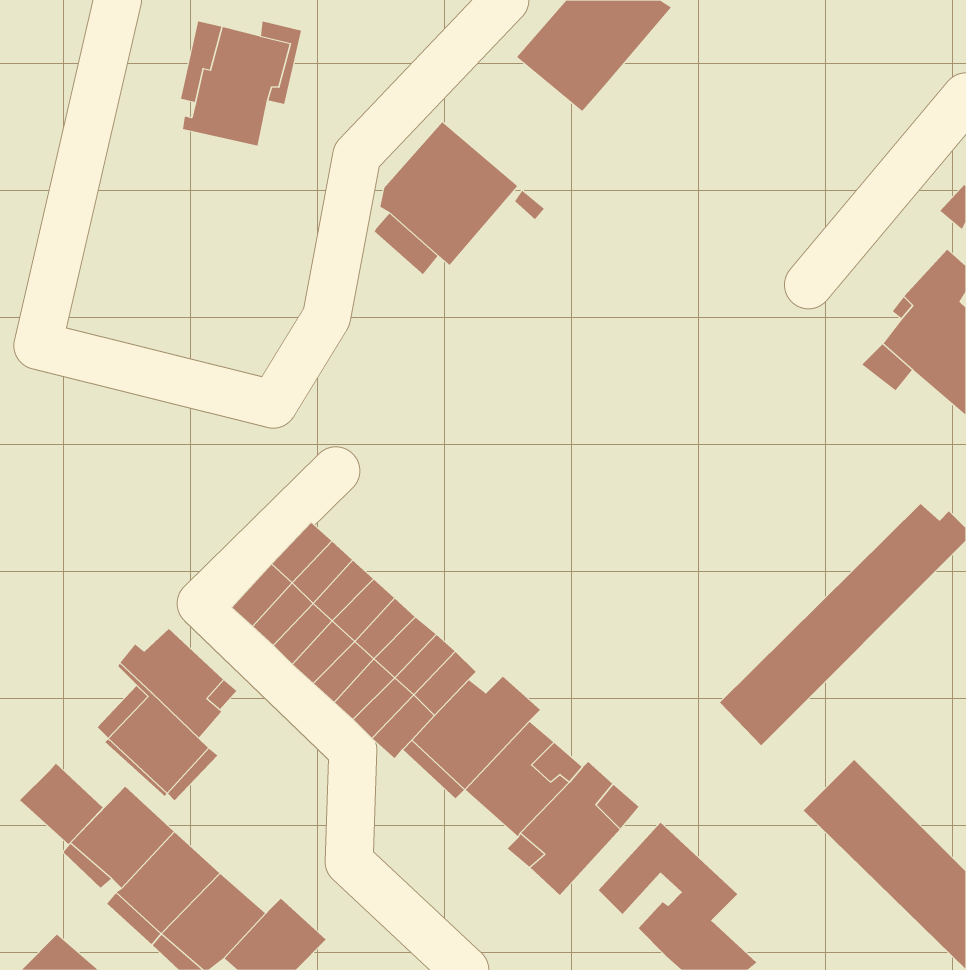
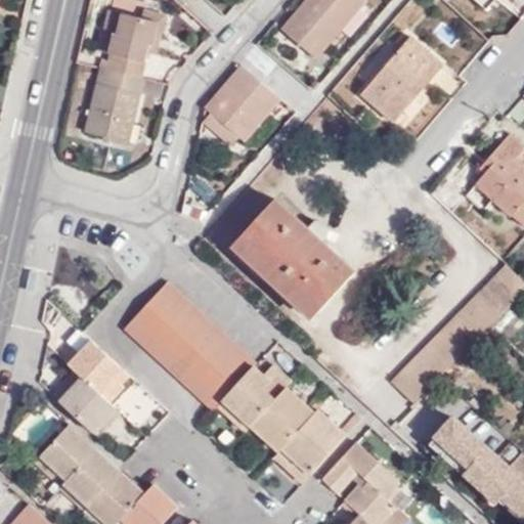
building: none -> [363,34,441,120]
building: none -> [84,70,142,143]
building: none -> [237,199,354,313]
building: [19,763,104,845] -> none

